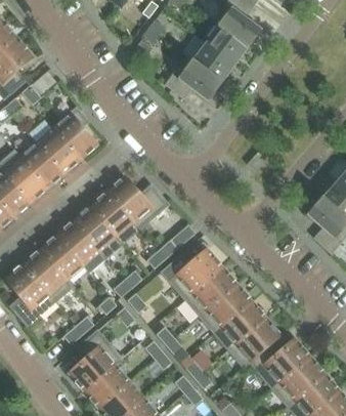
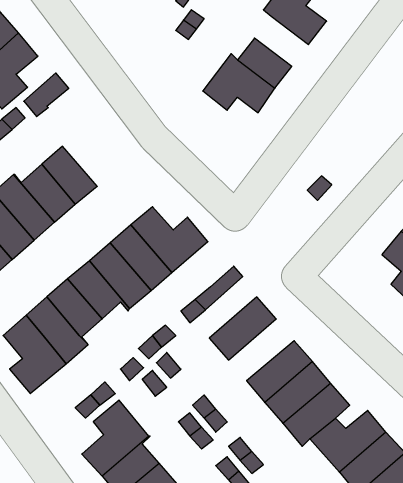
building: [205,25,248,65] -> none
building: [52,108,97,160] -> none
building: [184,265,236,315] -> none

